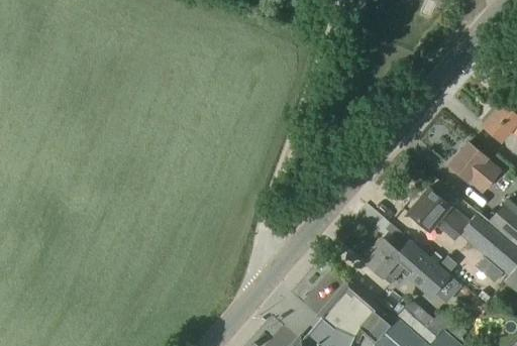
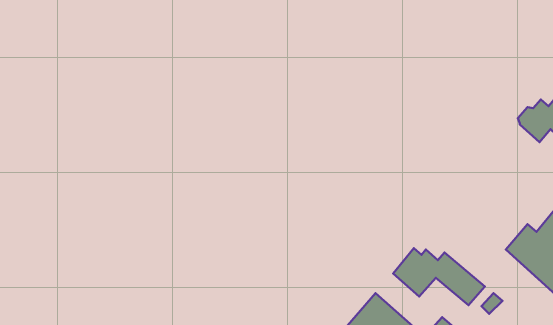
building: [448,142,499,191] -> none
building: [409,188,467,230] -> none

